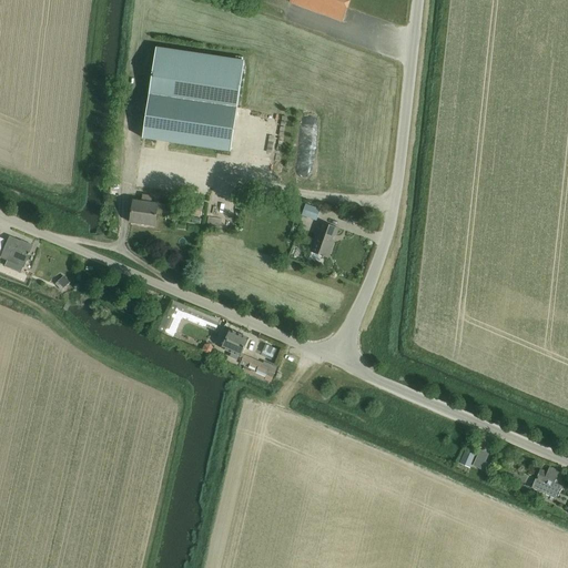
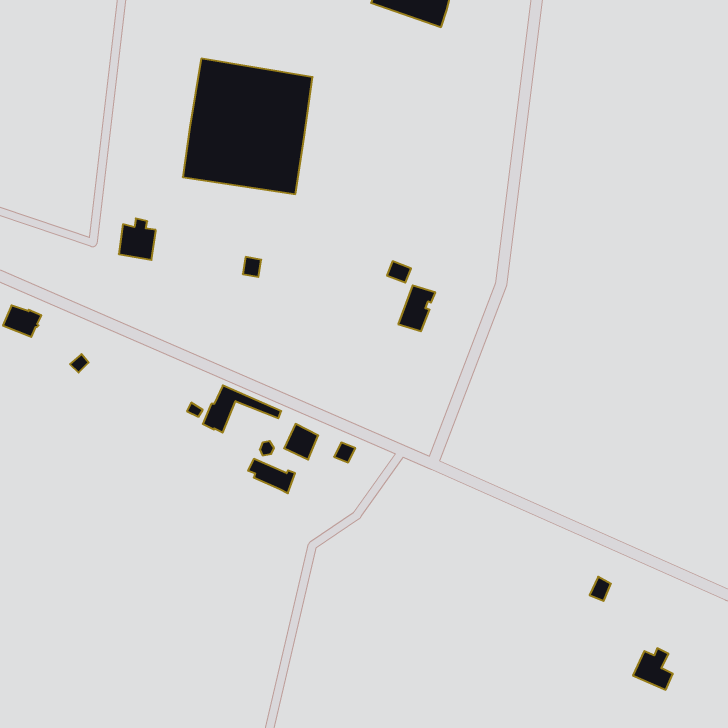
building: [129,194,158,226] -> [119,218,156,260]
building: [240,355,276,382] -> [248,459,295,493]
building: [530,466,561,498] -> [633,648,673,690]

